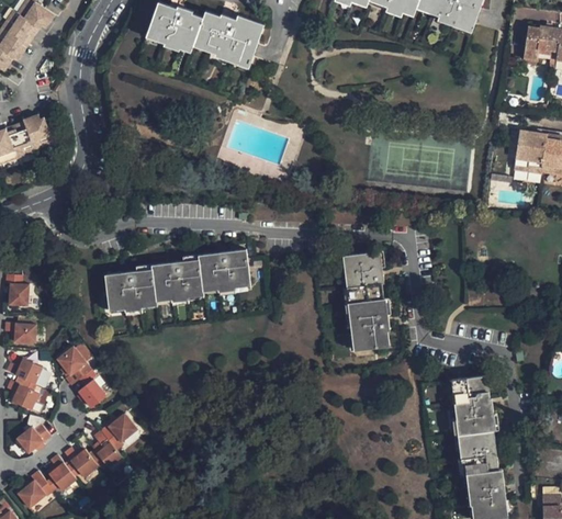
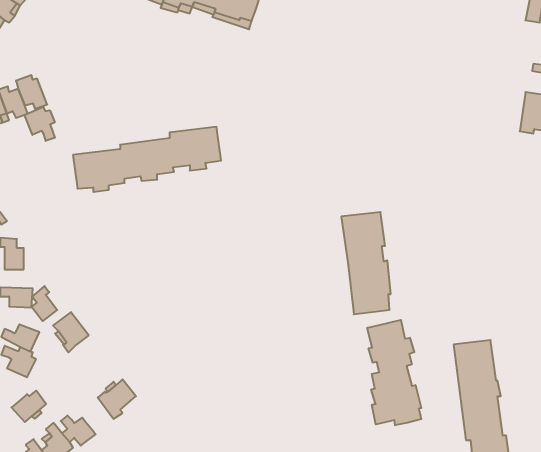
building: none -> [25,107,55,141]
building: [103,247,248,311] -> [73,127,221,192]
building: none -> [32,286,57,321]
building: none -> [367,320,421,425]
building: [78,370,106,408] -> none
building: [89,430,122,467] -> none

